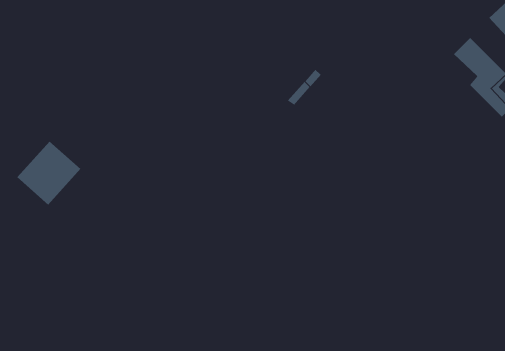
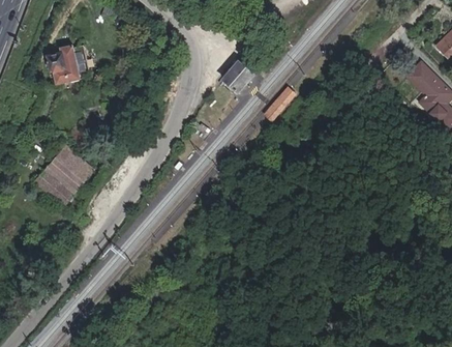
building: none -> [47,45,88,84]
building: none -> [220,61,253,94]

